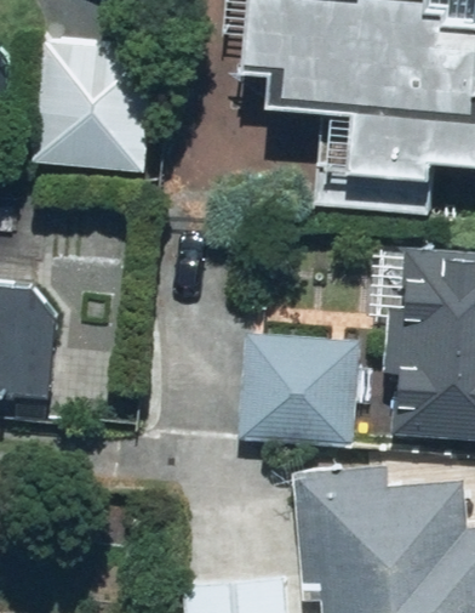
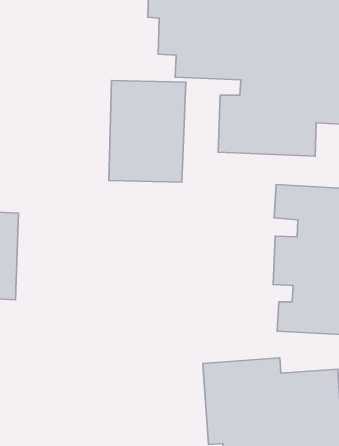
building: [51,41,149,171] -> [109,80,186,182]
building: [235,331,355,439] -> none

